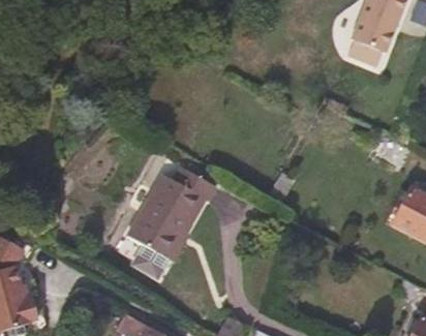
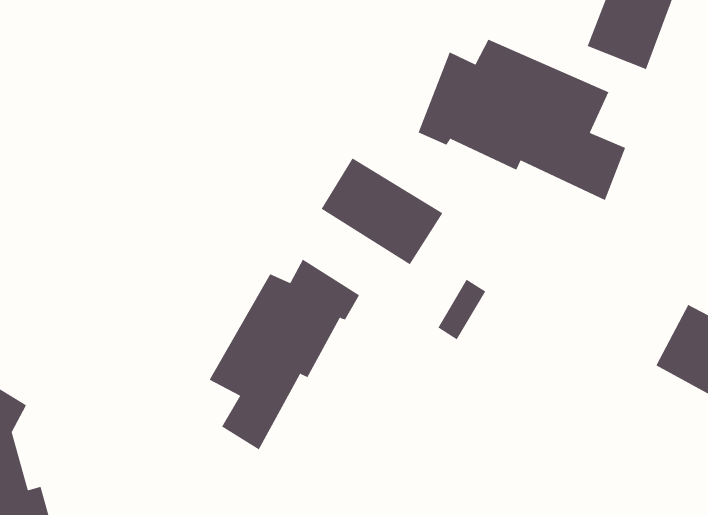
building: none -> [418,39,626,201]
building: none -> [321,158,443,265]

